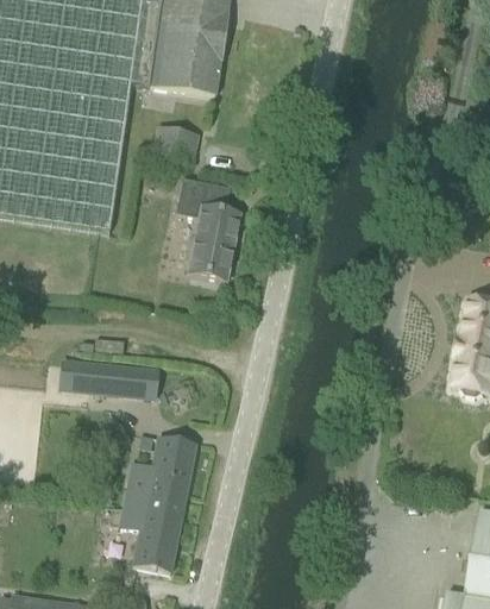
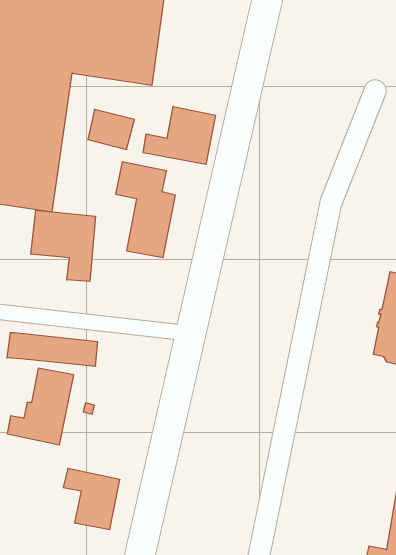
building: none -> [143,106,216,164]
building: none -> [31,210,95,281]
building: [124,437,195,519] -> [7,368,74,445]

